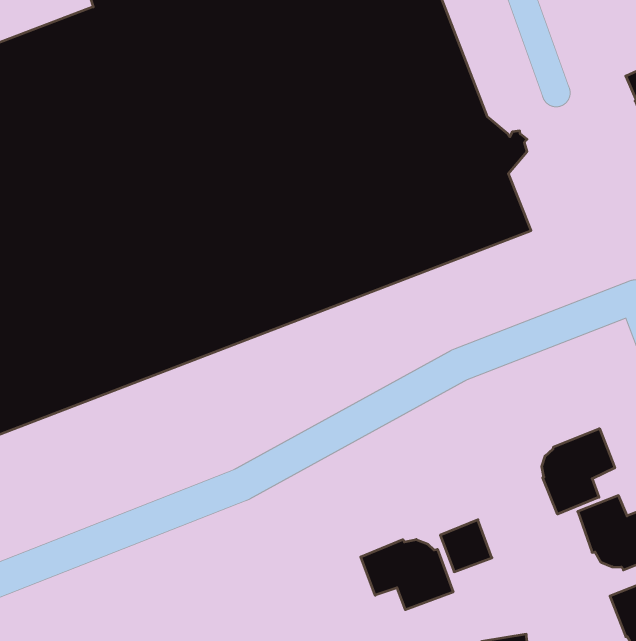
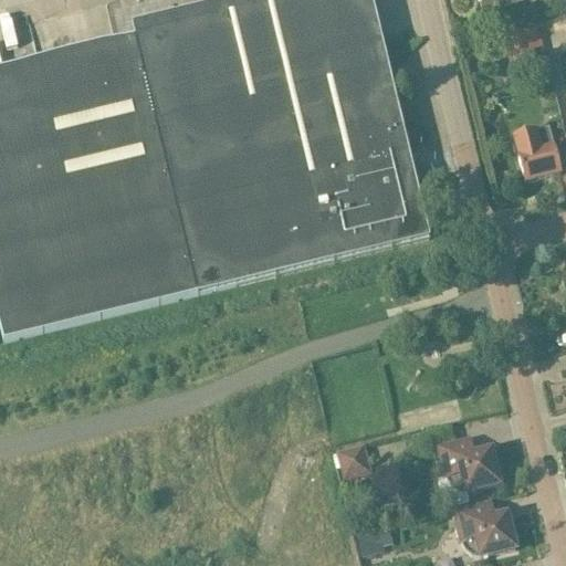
building: [542,429,615,514] -> none
building: [361,539,453,610] -> none

